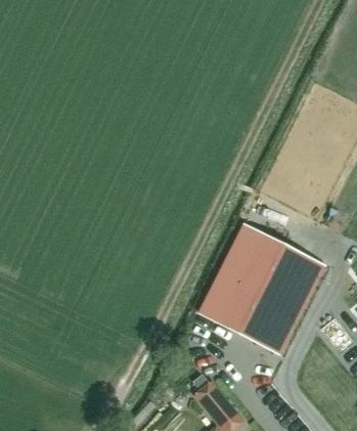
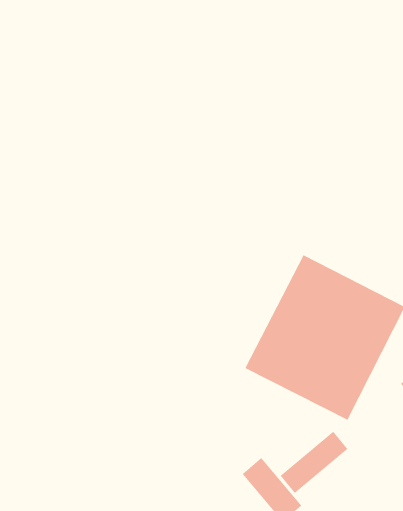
building: none -> [280,431,348,494]

